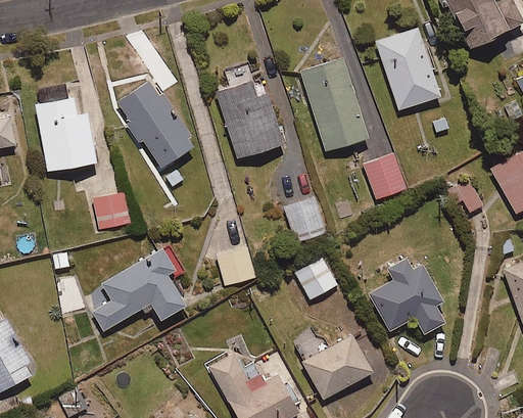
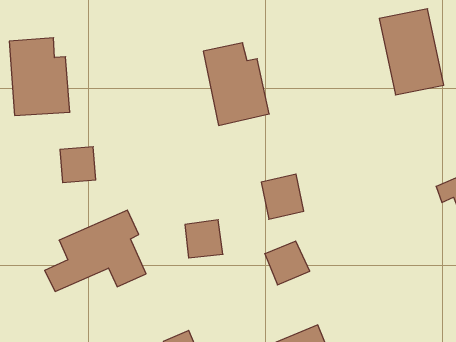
building: [299,57,369,152] -> none
building: [116,81,192,169] -> none
building: [364,154,407,200] -> none
building: [368,258,445,334] -> none

